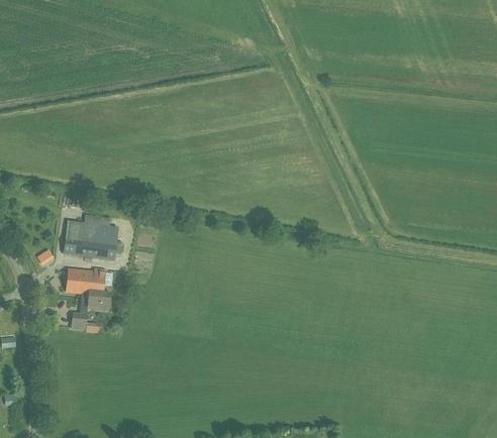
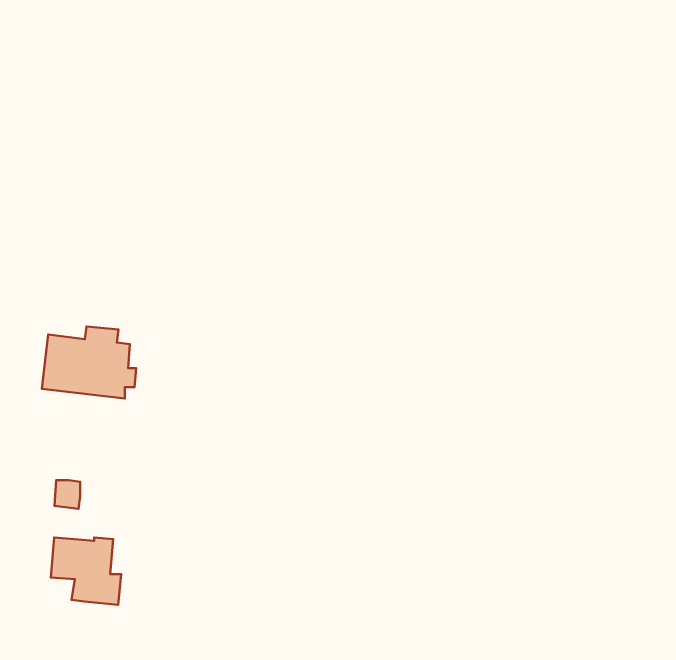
building: [67,267,111,310] -> [51,537,121,605]

